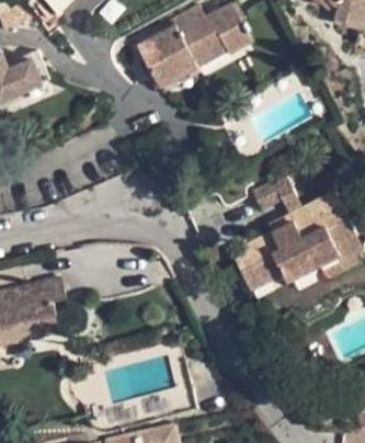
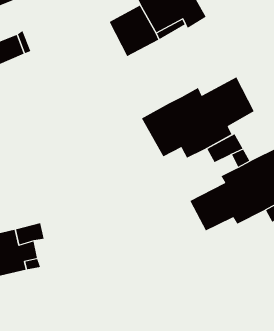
building: none -> [141,77,255,158]

